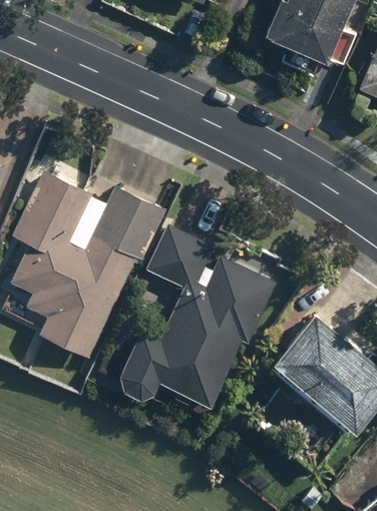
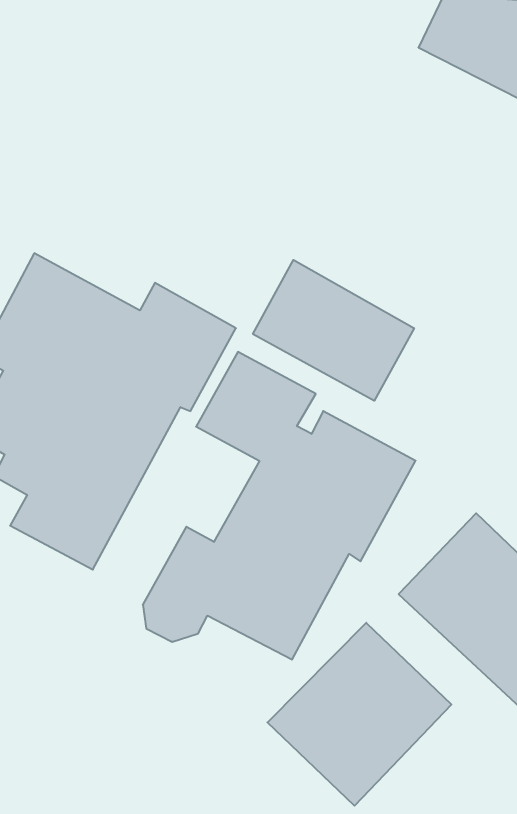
building: none -> [253,260,414,401]
building: none -> [267,623,451,806]

